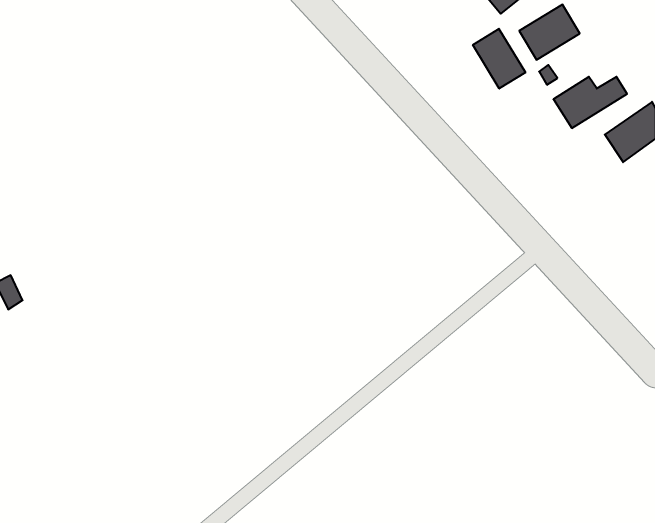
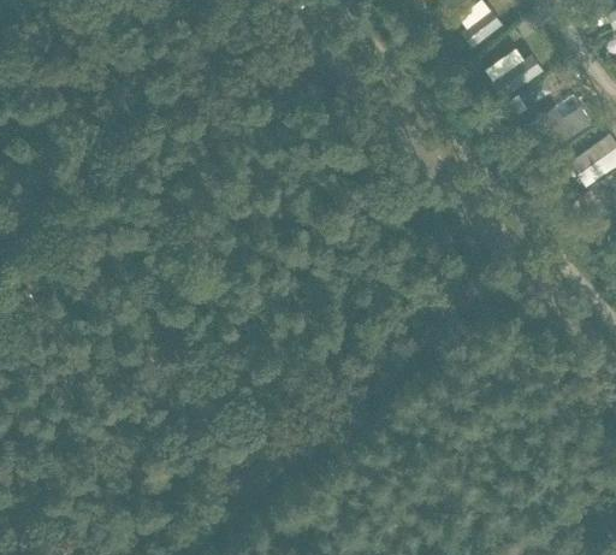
building: [473,29,525,89] -> none

